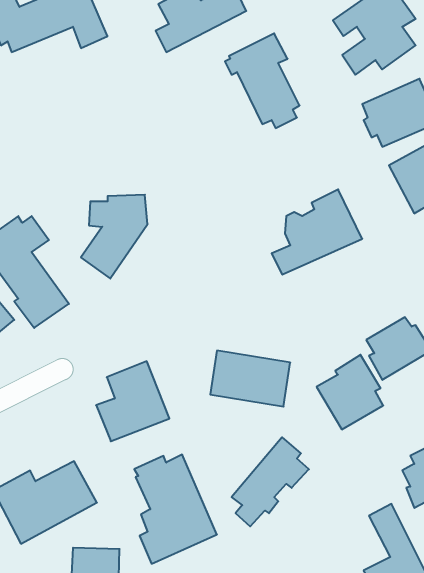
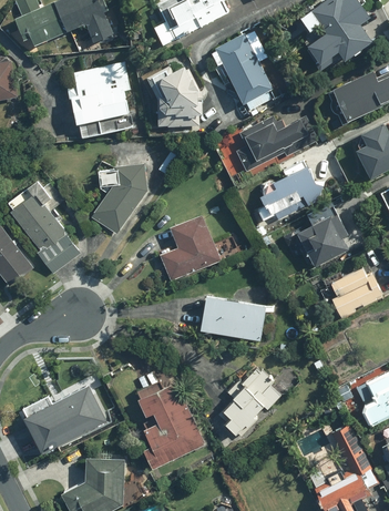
building: none -> [68,61,134,136]
building: none -> [145,62,201,134]
building: none -> [233,114,308,172]
building: [317,355,383,429] -> [295,206,350,268]
building: [96,361,169,441] -> [161,215,222,282]

